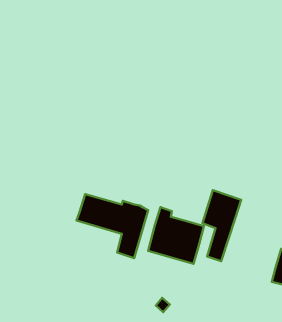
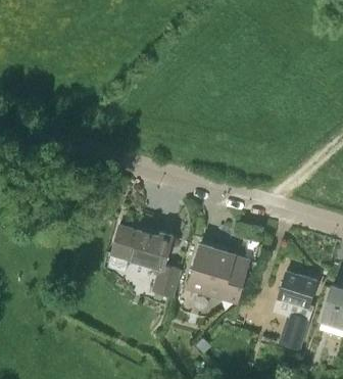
building: [202,190,241,261] -> [275,271,316,347]

